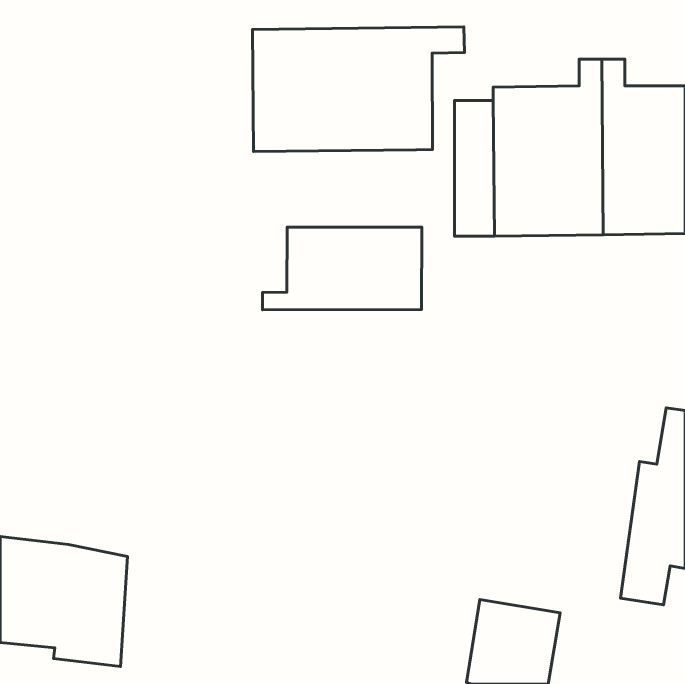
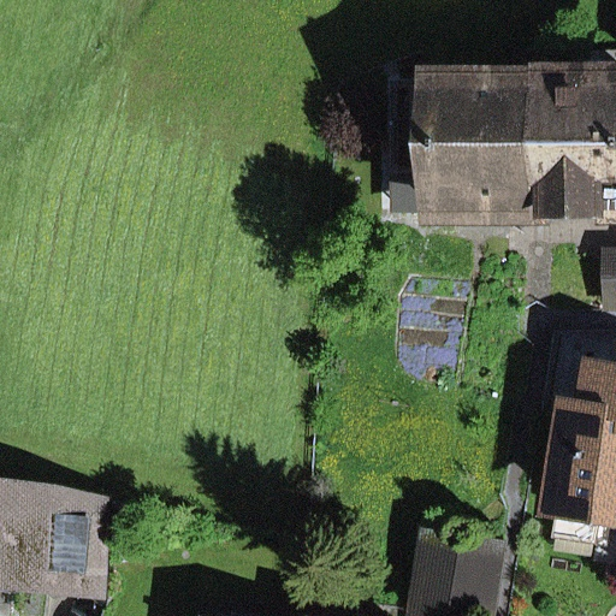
building: [253,27,464,151] -> none
building: [262,227,422,310] -> none

